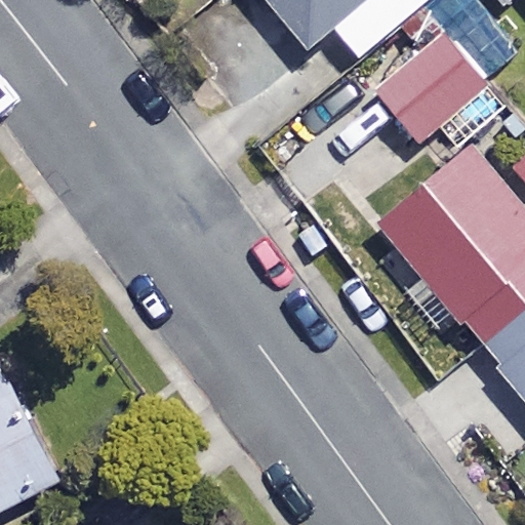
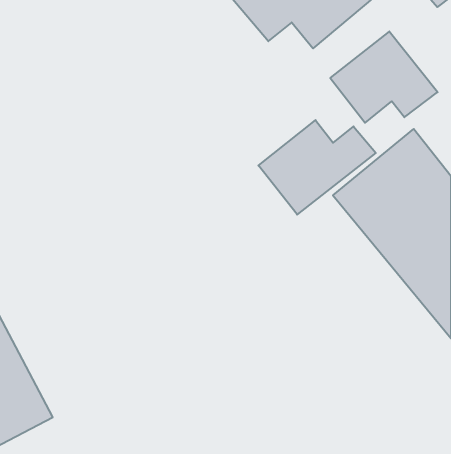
building: none -> [258,120,376,215]

